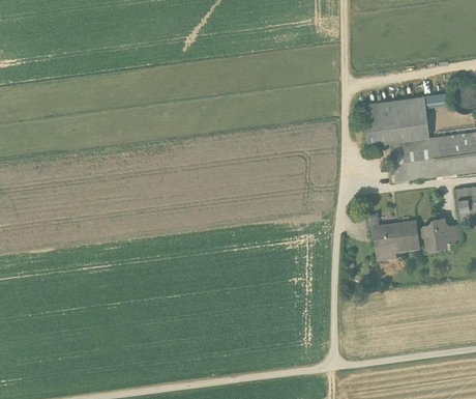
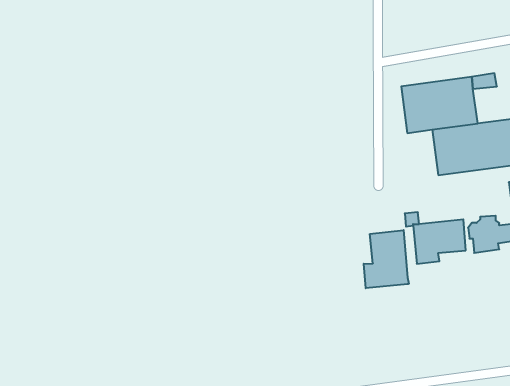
building: none -> [364,230,409,288]

